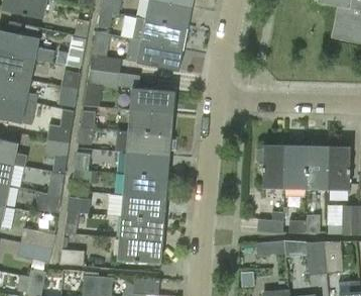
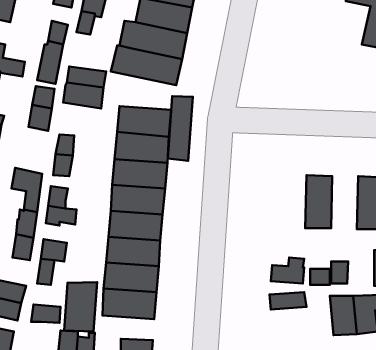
building: none -> [168,96,193,161]
building: [46,110,74,143] -> none
building: [256,144,285,188] -> none
building: [306,145,328,189] -> none
building: none -> [64,282,97,331]

